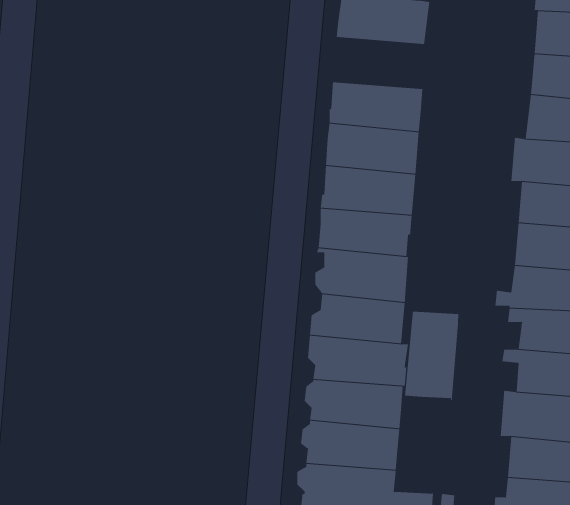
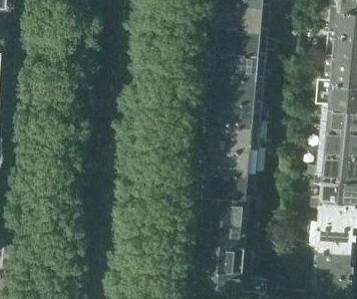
building: none -> [217,25,269,54]
building: [404,311,459,401] -> none

